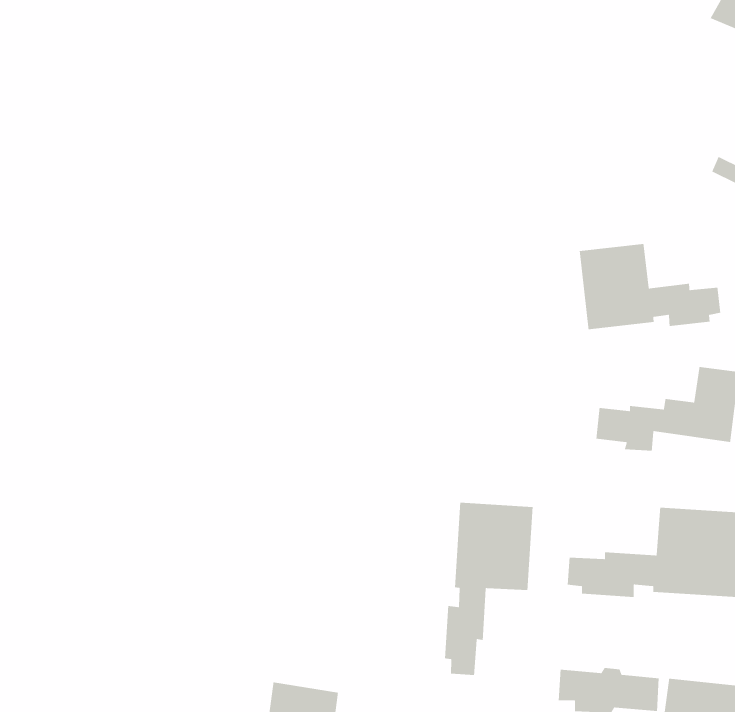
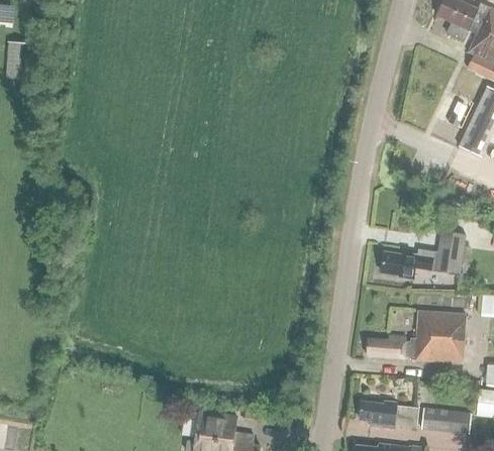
building: [579,243,721,330] -> none
building: [444,502,533,676] -> none

